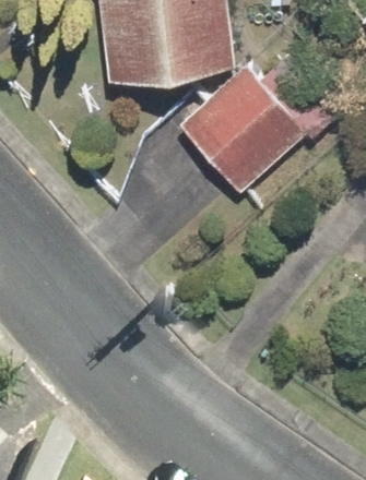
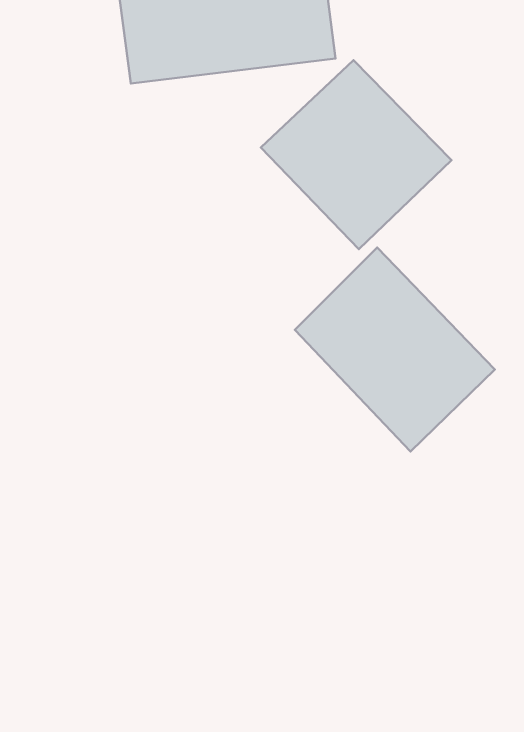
building: none -> [295,248,495,451]

